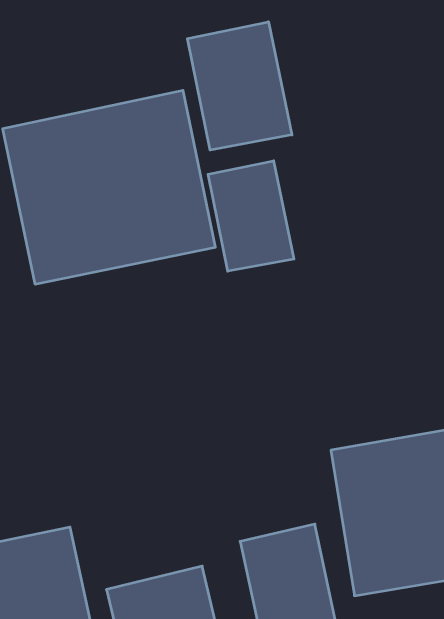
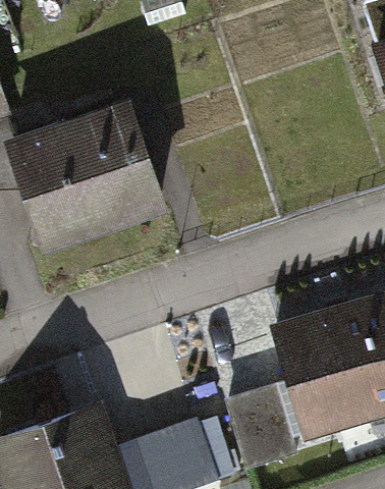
building: [187,22,292,150] -> none
building: [208,161,294,271] -> none

